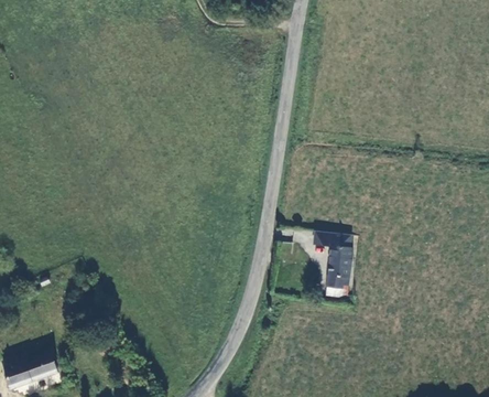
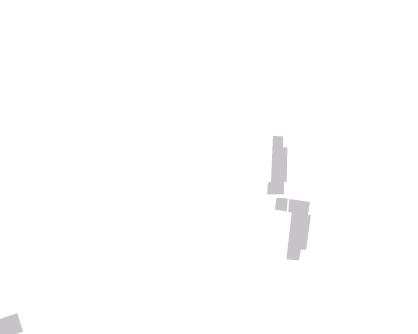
building: none -> [266,135,288,195]

